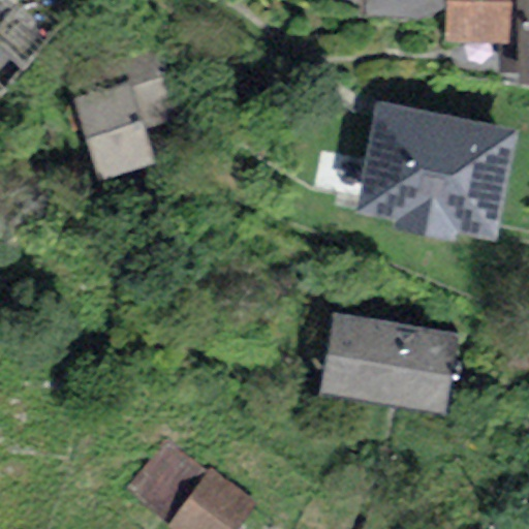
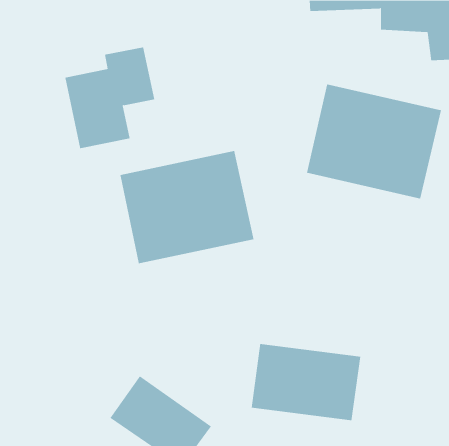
building: none -> [120,150,254,264]
building: [322,310,452,401] -> [251,343,361,421]

